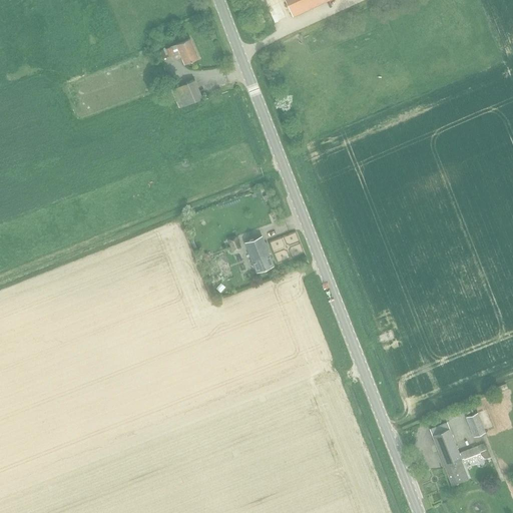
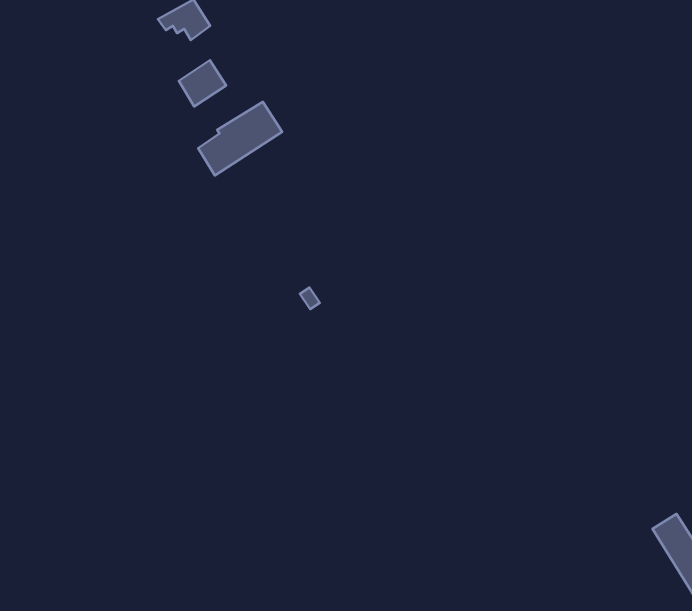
building: none -> [198,102,282,176]
building: [244,235,274,272] -> none

